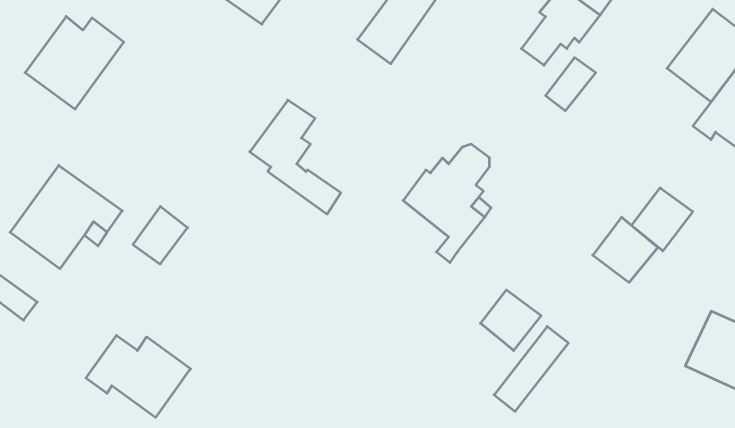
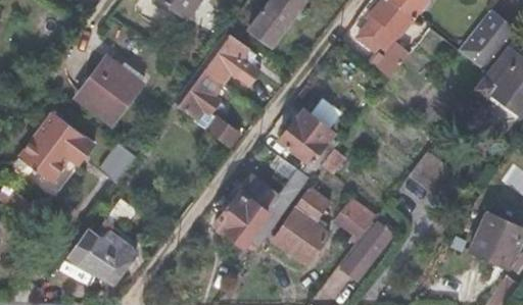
building: [25,16,124,109] -> [77,60,143,122]
building: none -> [202,38,259,86]
building: [631,188,693,251] -> none
building: none -> [216,169,312,245]
building: none -> [274,190,332,266]

